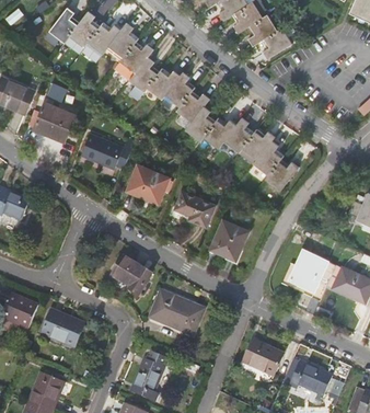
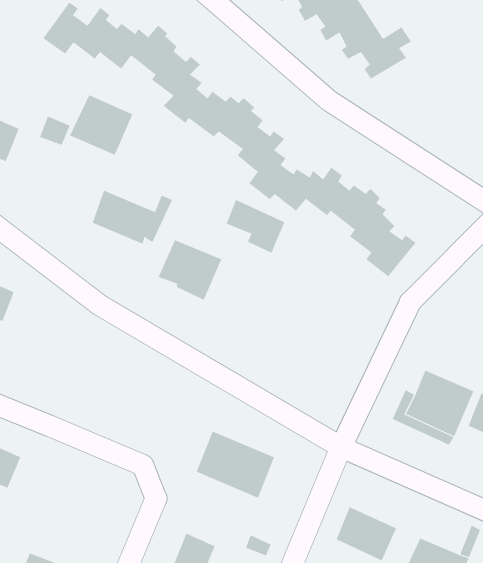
building: [34,102,77,142] -> [69,94,133,155]
building: [173,190,212,226] -> [226,199,285,254]
building: [211,219,250,259] -> none
building: [111,256,150,294] -> none
building: [42,311,83,346] -> none

